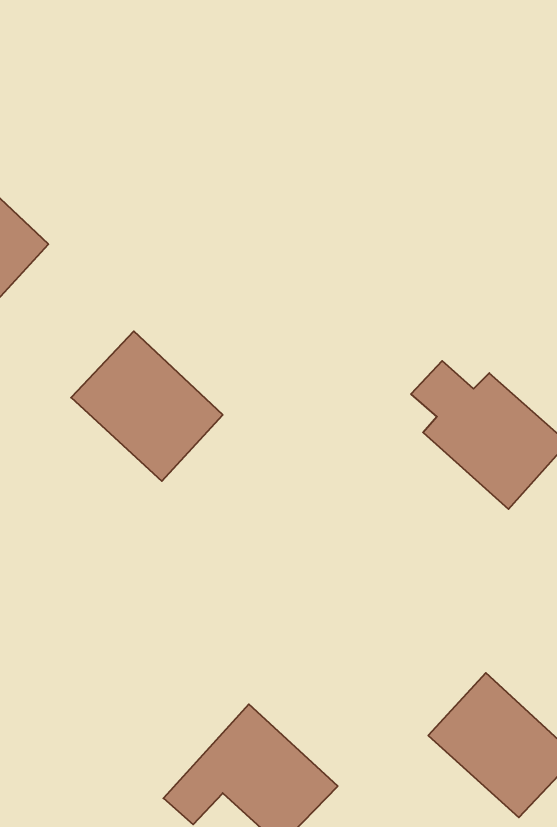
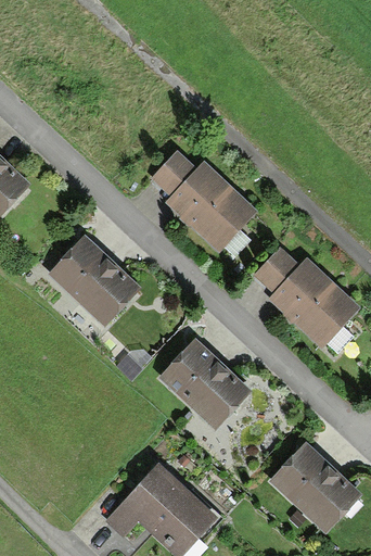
building: none -> [153,152,260,254]
building: none -> [161,336,254,428]

